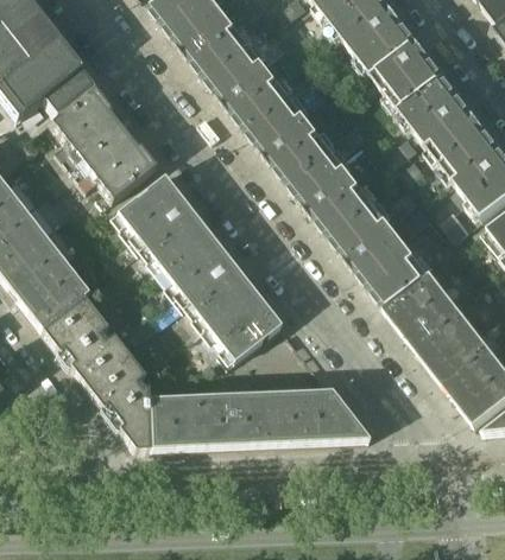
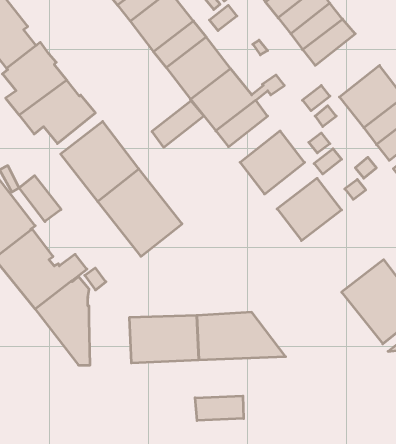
building: [400,75,473,146] -> none
building: [303,167,361,219] -> [152,101,204,147]
building: [343,219,403,272] -> none
building: none -> [19,176,61,222]
building: [385,272,478,365] -> none
building: [204,288,279,361] -> none
building: [146,394,194,447] -> none
building: none -> [195,396,244,421]

